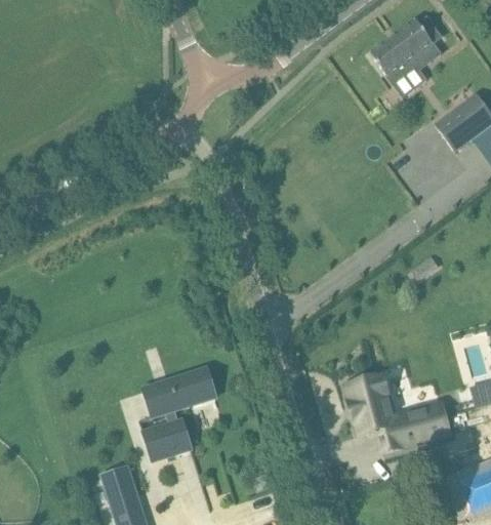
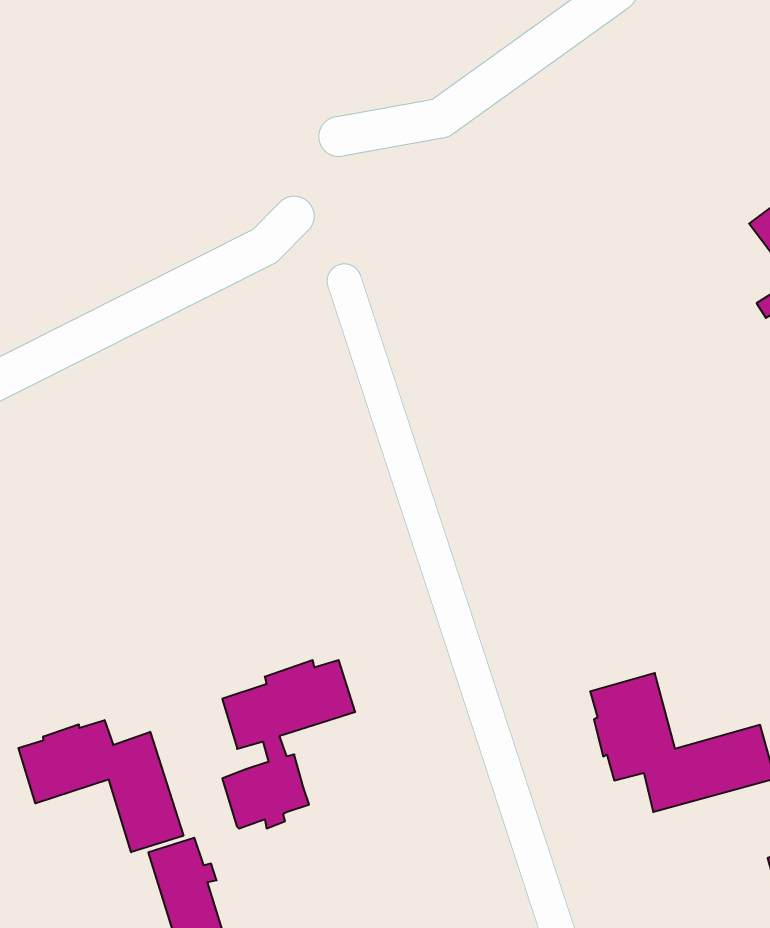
building: [371,16,442,84] -> none
building: none -> [18,720,183,852]

